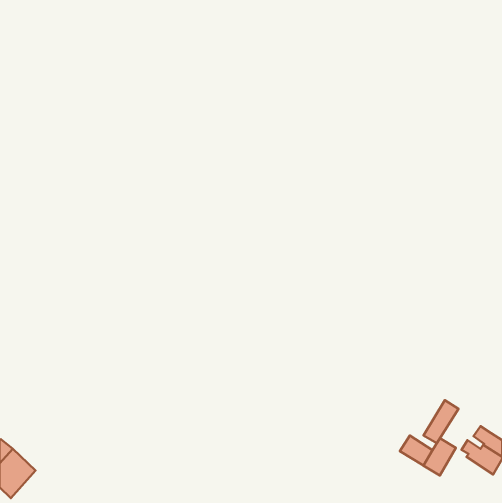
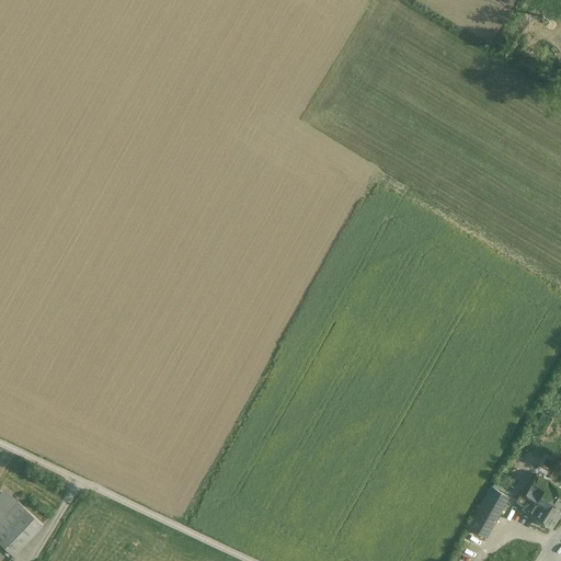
building: [424,400,458,443] -> none
building: [400,435,432,465] -> none

